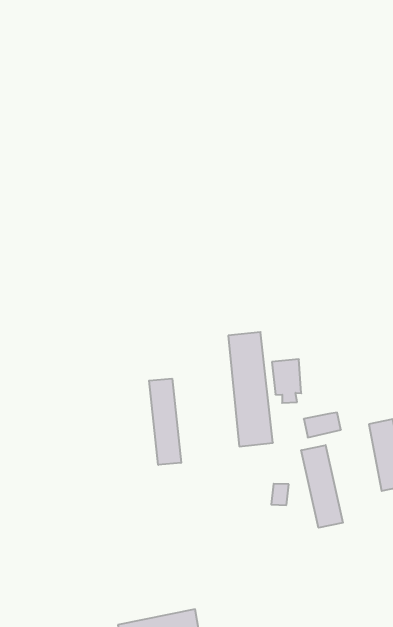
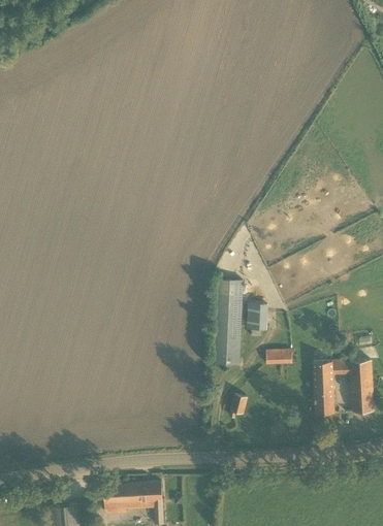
building: [149,379,181,465] -> none
building: [301,445,343,528] -> none

